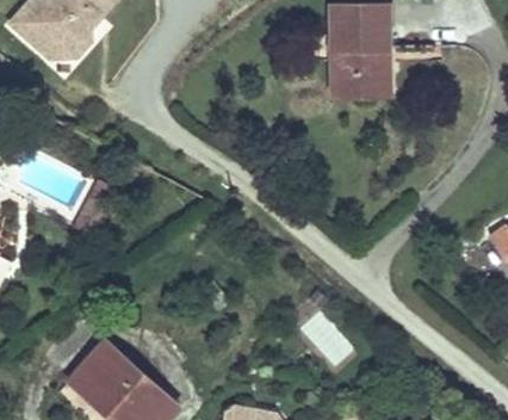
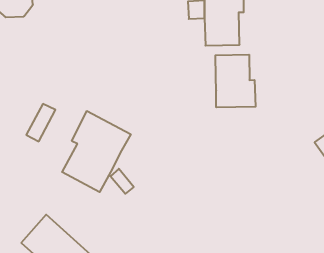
building: none -> [215,55,256,107]
building: none -> [62,111,131,192]

